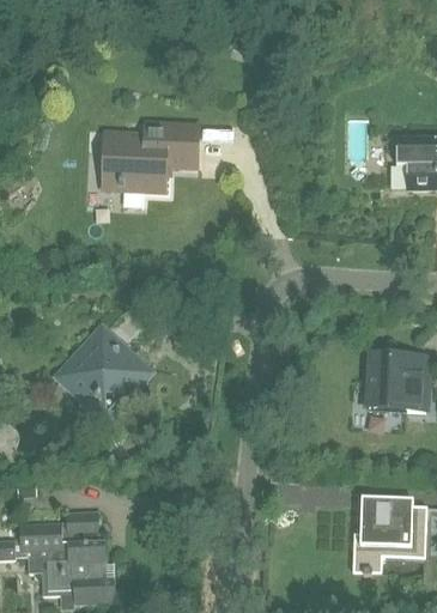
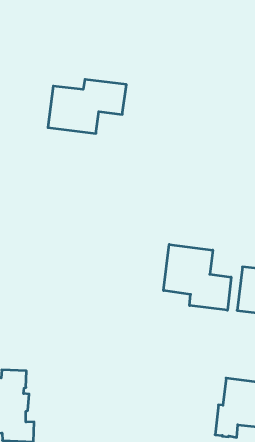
building: none -> [164,244,231,310]
building: [65,333,145,414] -> none

